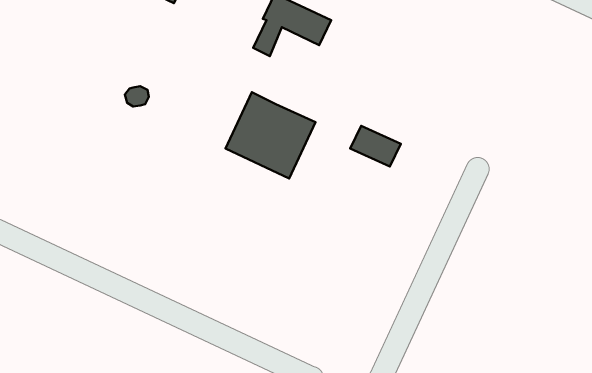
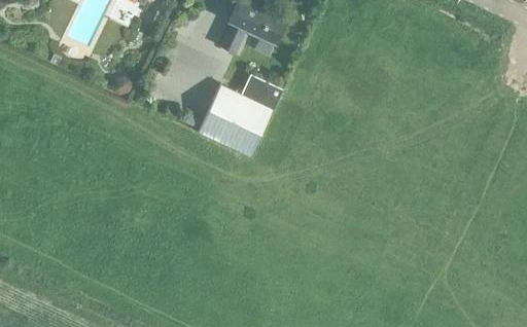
building: [350,126,401,167] -> [240,74,283,109]

